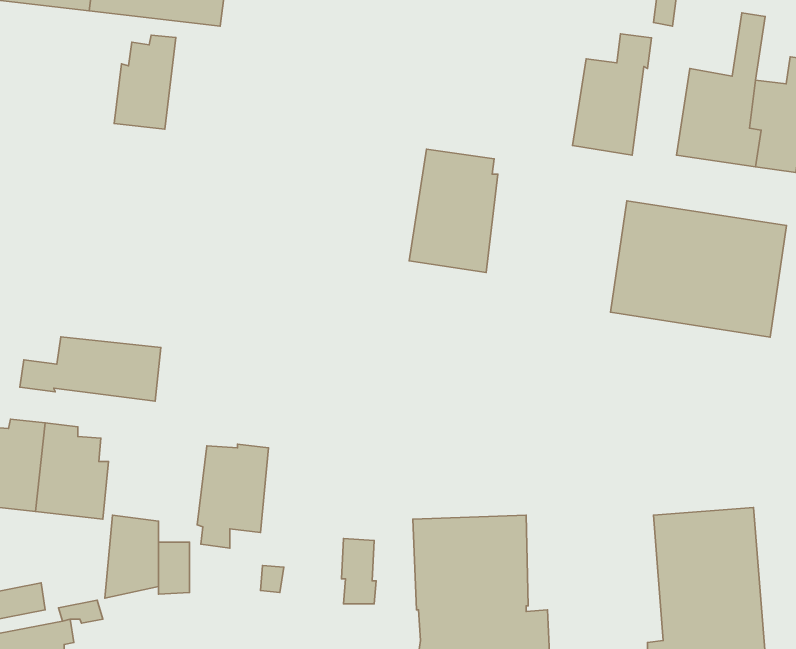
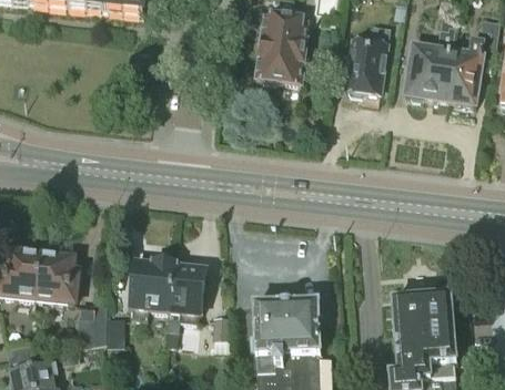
building: [114,35,176,129] -> none
building: [409,149,498,272] -> [255,13,306,84]
building: [611,201,786,337] -> none
building: [20,337,161,401] -> none
building: none -> [165,263,205,322]

